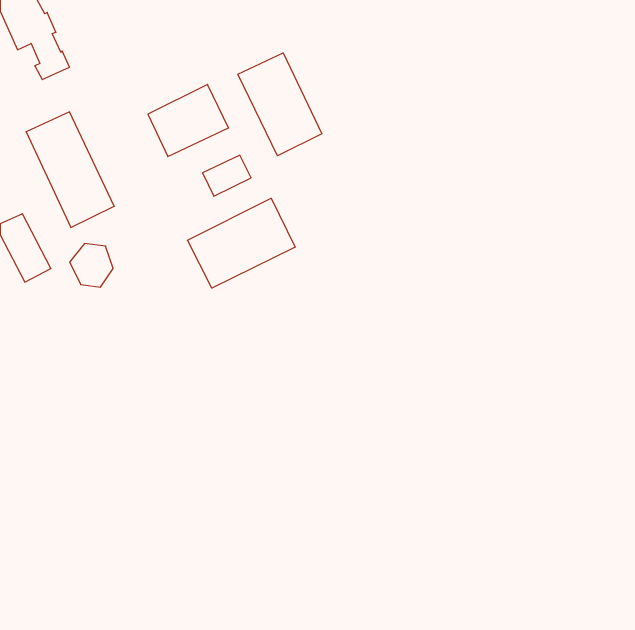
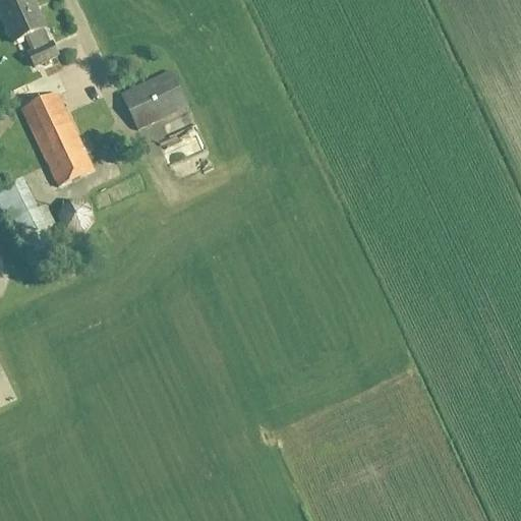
building: [238,53,322,156] -> none
building: [187,198,295,288] -> none

